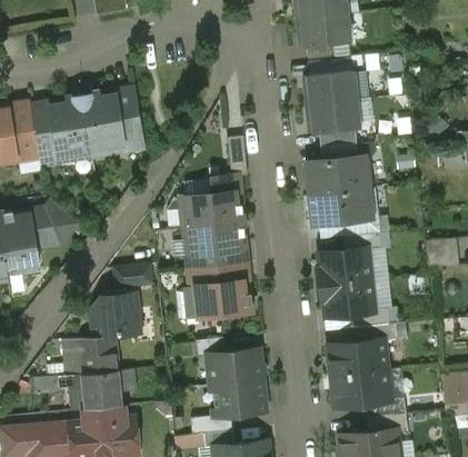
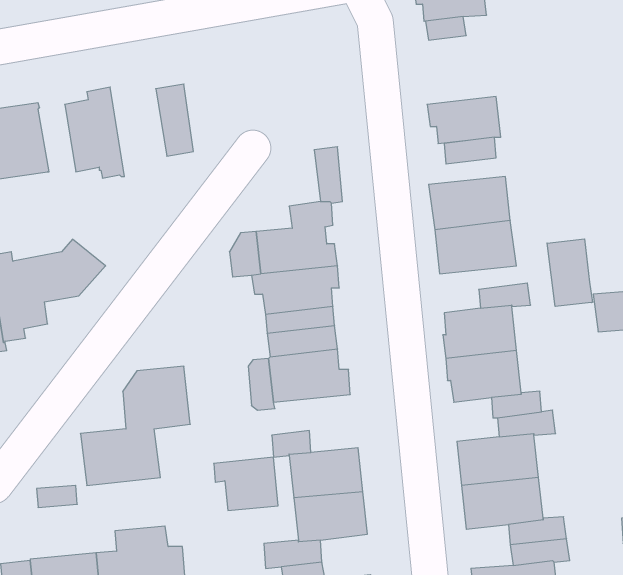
building: [305,71,356,106] -> none
building: [82,91,122,157] -> none
building: [31,106,58,157] -> none
building: none -> [547,239,593,306]
building: [113,264,152,287] -> none
building: [76,370,121,408] -> [214,457,278,510]

